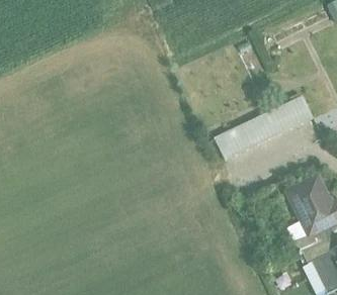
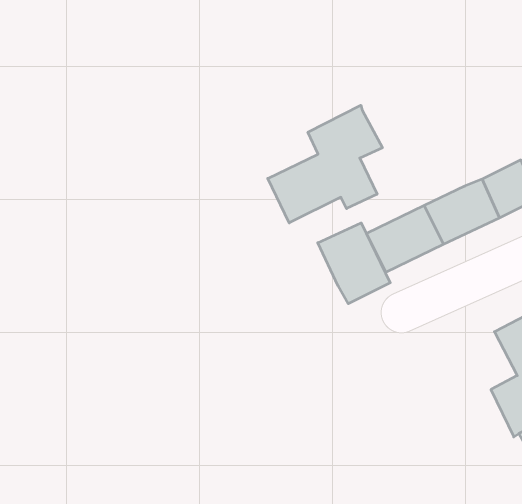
building: none -> [268,105,382,223]
building: none -> [318,223,390,304]

